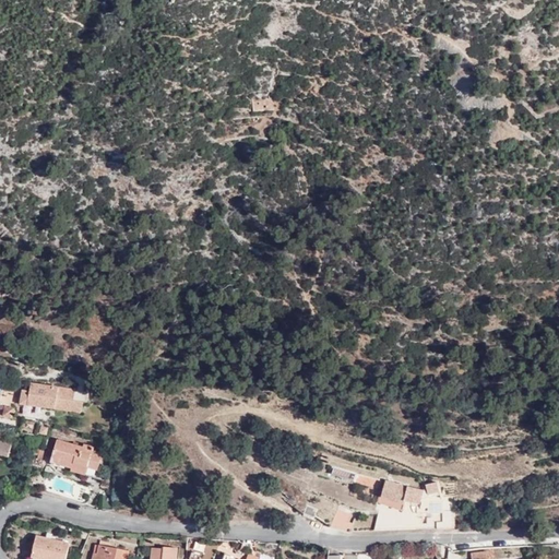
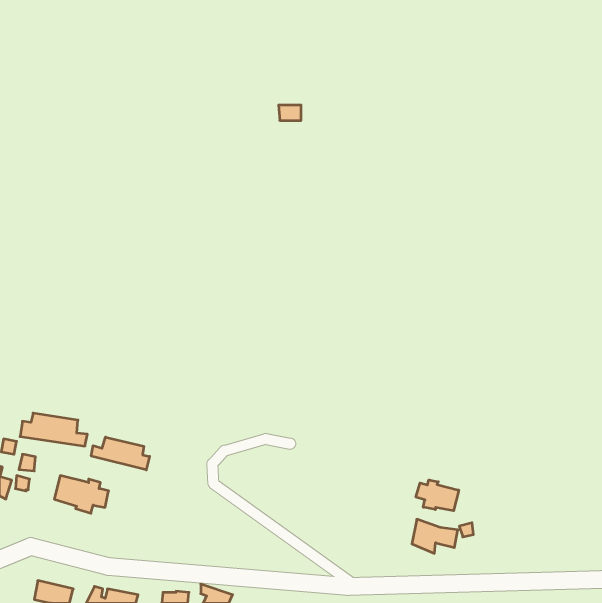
building: none -> [91,437,150,470]
building: none -> [416,480,459,511]

